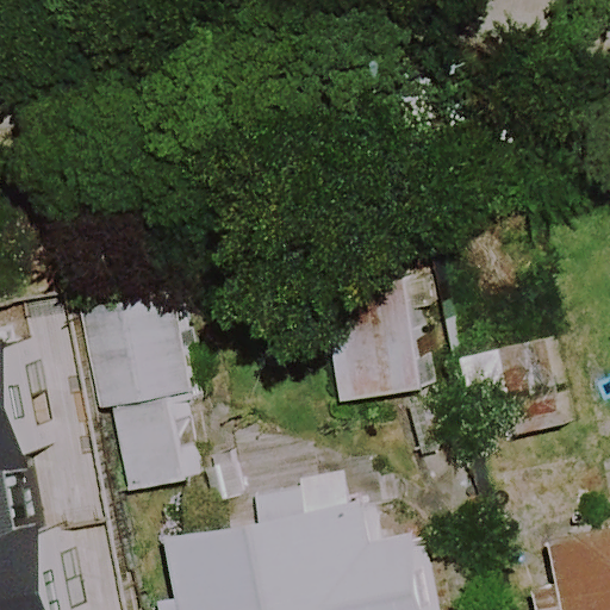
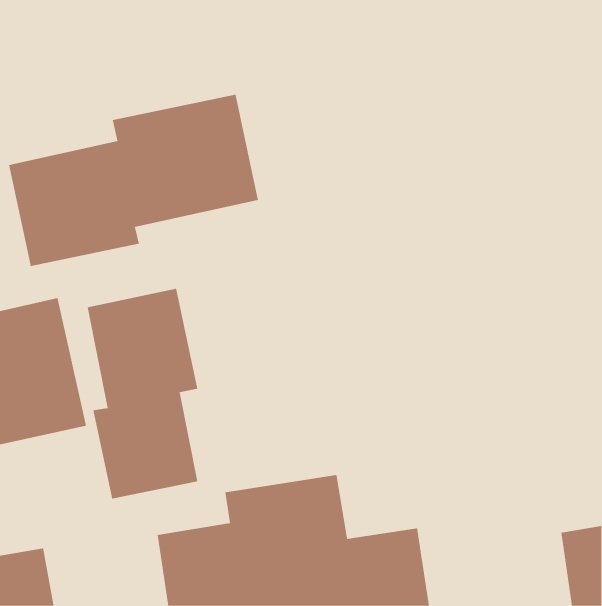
building: none -> [8,94,258,267]

